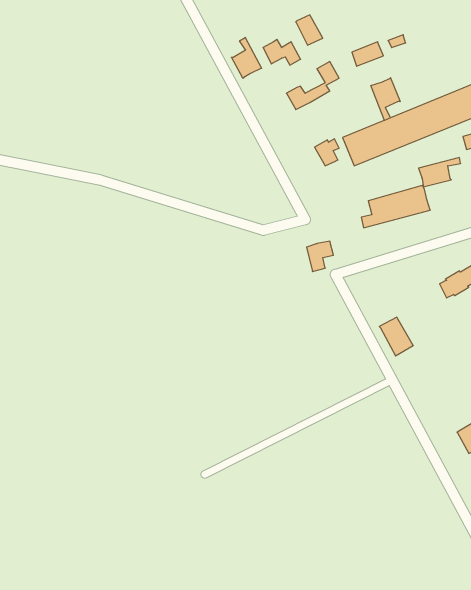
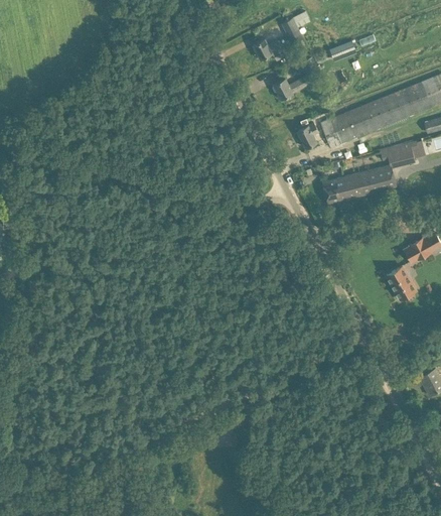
building: [231,37,262,78] -> none
building: [371,78,400,120] -> none
building: [307,241,333,272] -> [323,176,346,203]
building: [379,317,413,356] -> [386,265,415,298]

